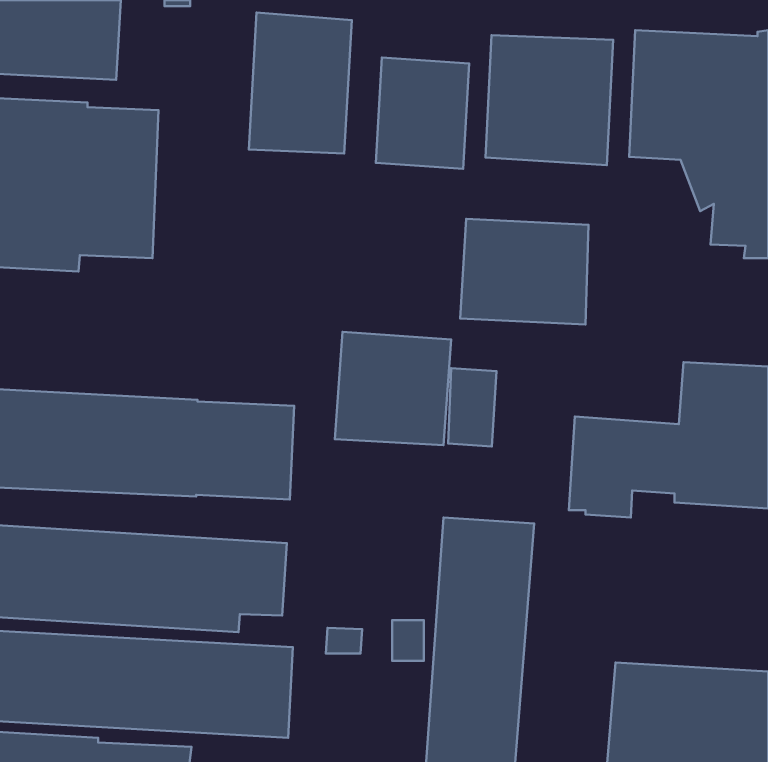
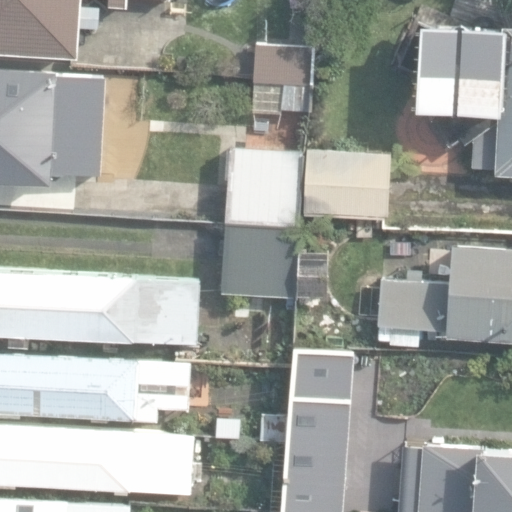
building: [249,13,352,153] -> none
building: [486,35,613,165] -> none
building: none -> [227,149,304,231]

